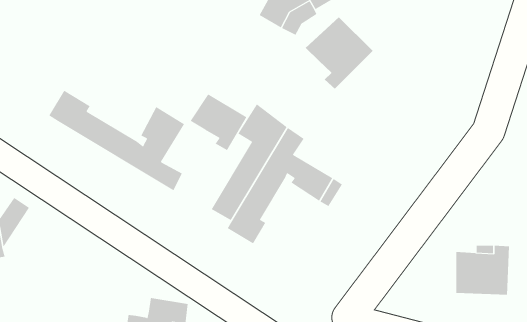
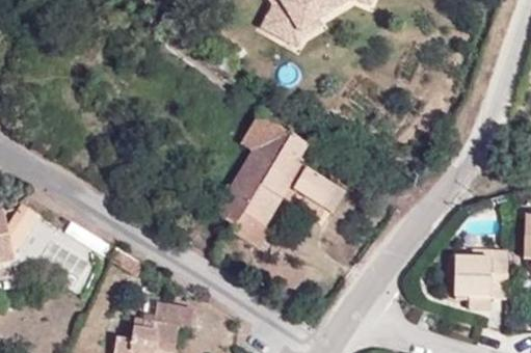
building: [305,16,373,90] -> none
building: [48,90,185,191] -> none
building: [190,93,247,151] -> none

